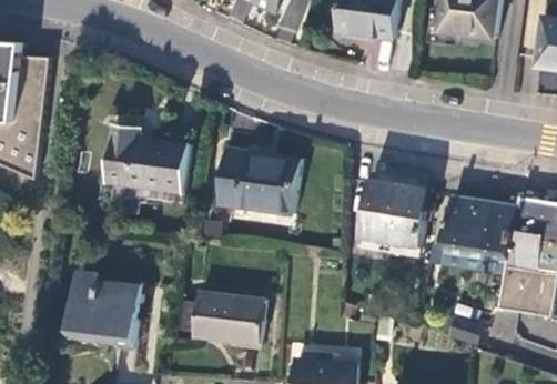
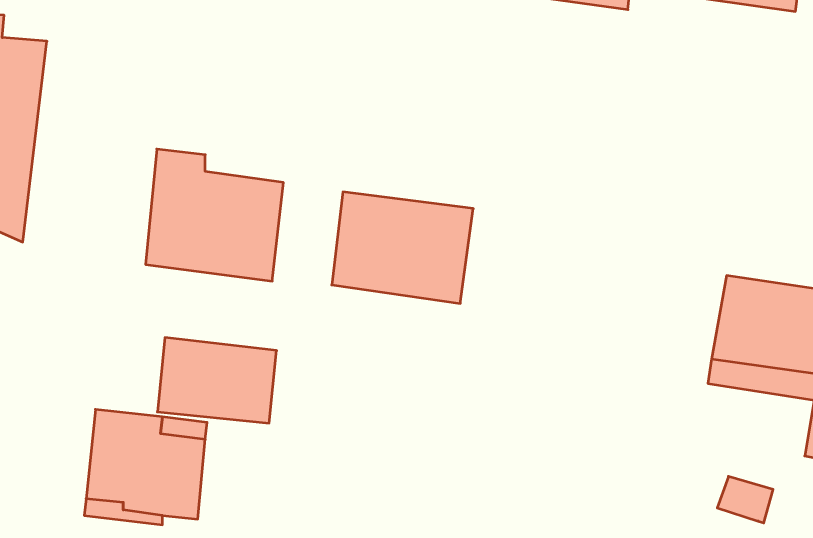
building: [356,180,429,250] -> none
building: [193,292,264,343] -> [157,338,277,423]

